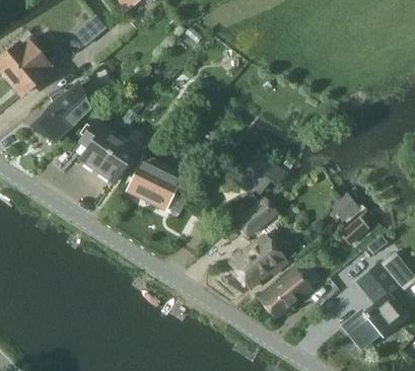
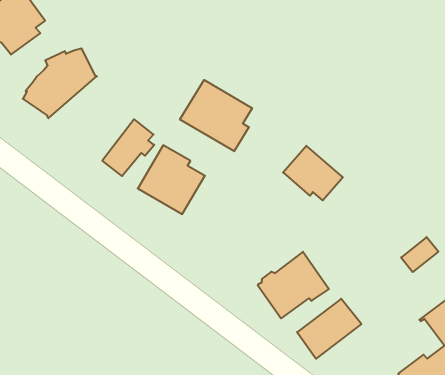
building: none -> [180,80,252,151]
building: [73,114,123,172] -> none
building: [332,193,363,225] -> none
building: [236,201,275,236] -> none

